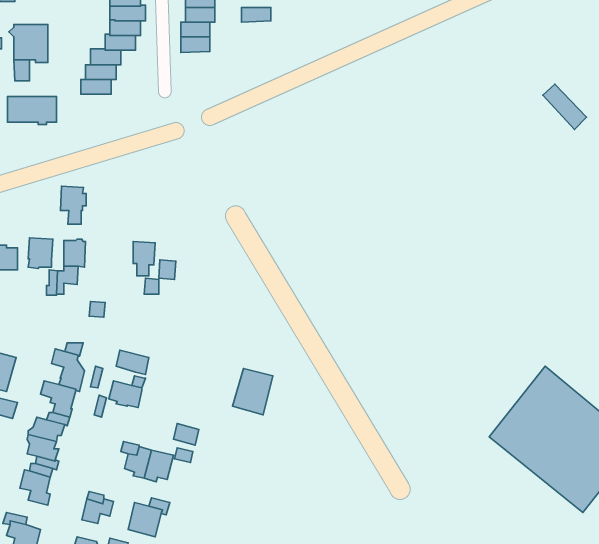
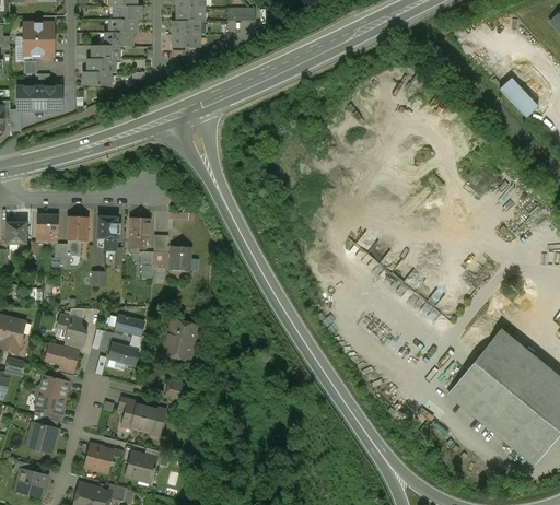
building: [60,186,86,224] -> [97,216,120,250]
building: none -> [170,246,190,270]
building: [233,369,273,415] -> [162,319,198,361]

